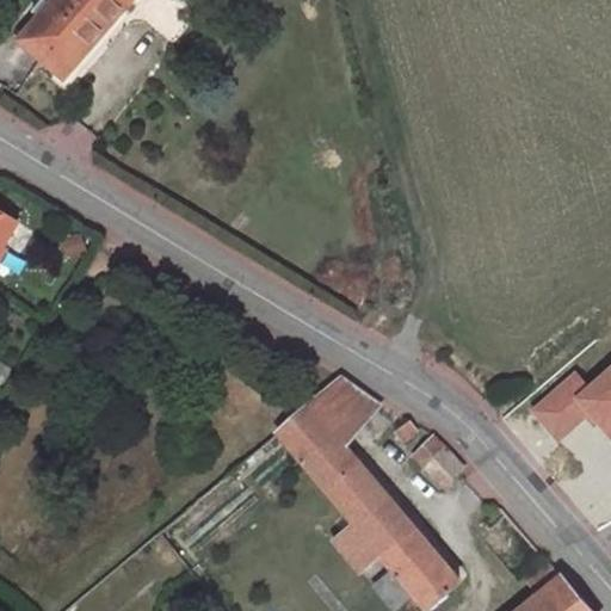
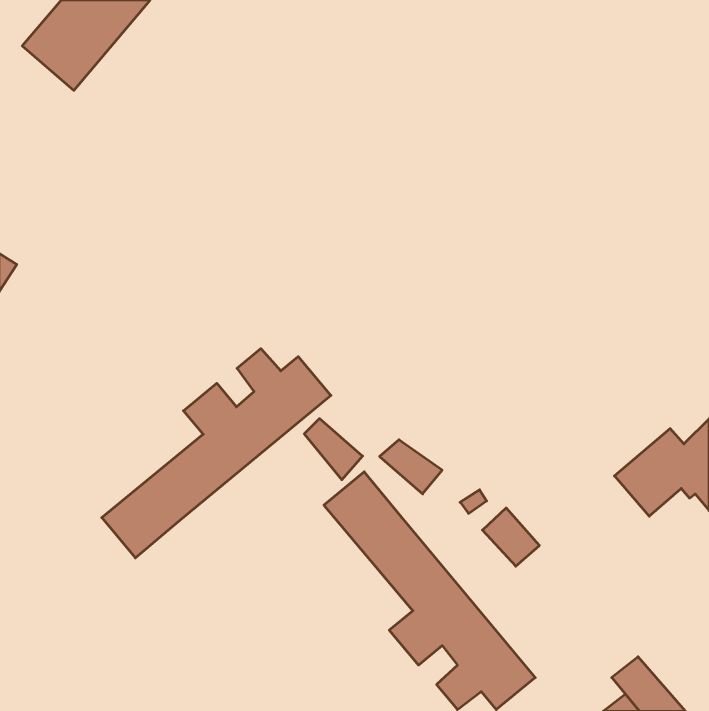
building: none -> [102,349,331,558]
building: [313,391,363,444] -> [304,419,363,480]

